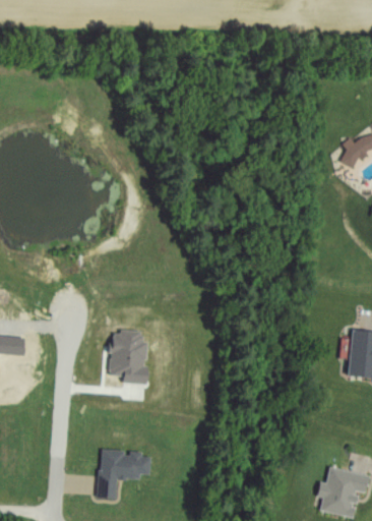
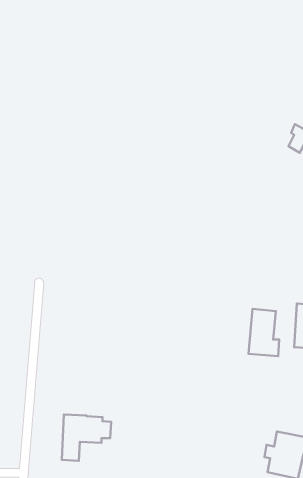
building: [109,334,147,384] -> none
building: none -> [248,309,279,356]

